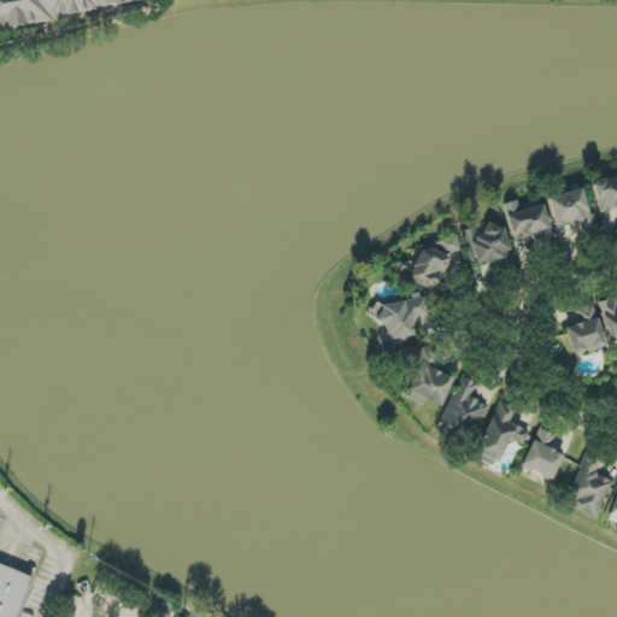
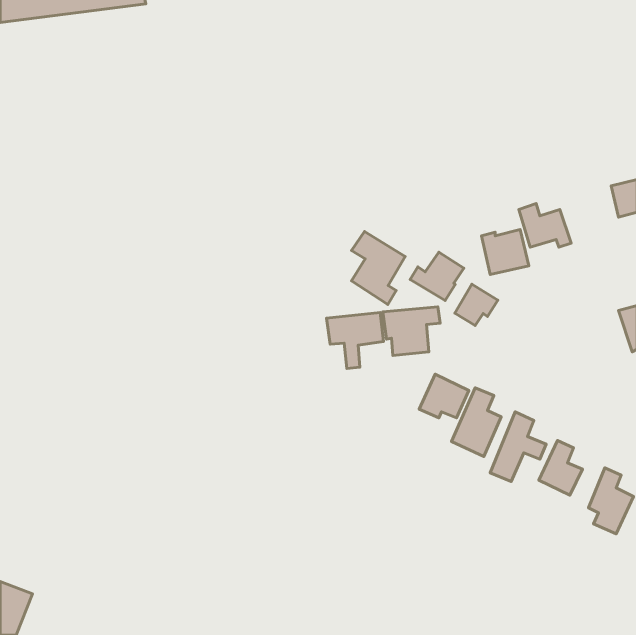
building: [547,186,599,231] -> none
building: none -> [352,232,405,304]
building: none -> [455,284,498,326]
building: [566,301,606,355] -> none
building: none -> [327,312,383,369]

